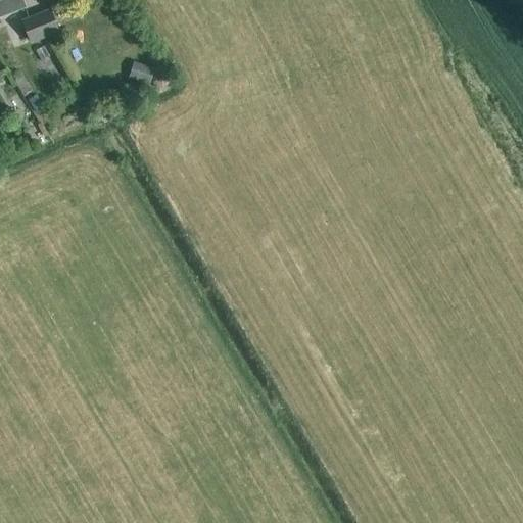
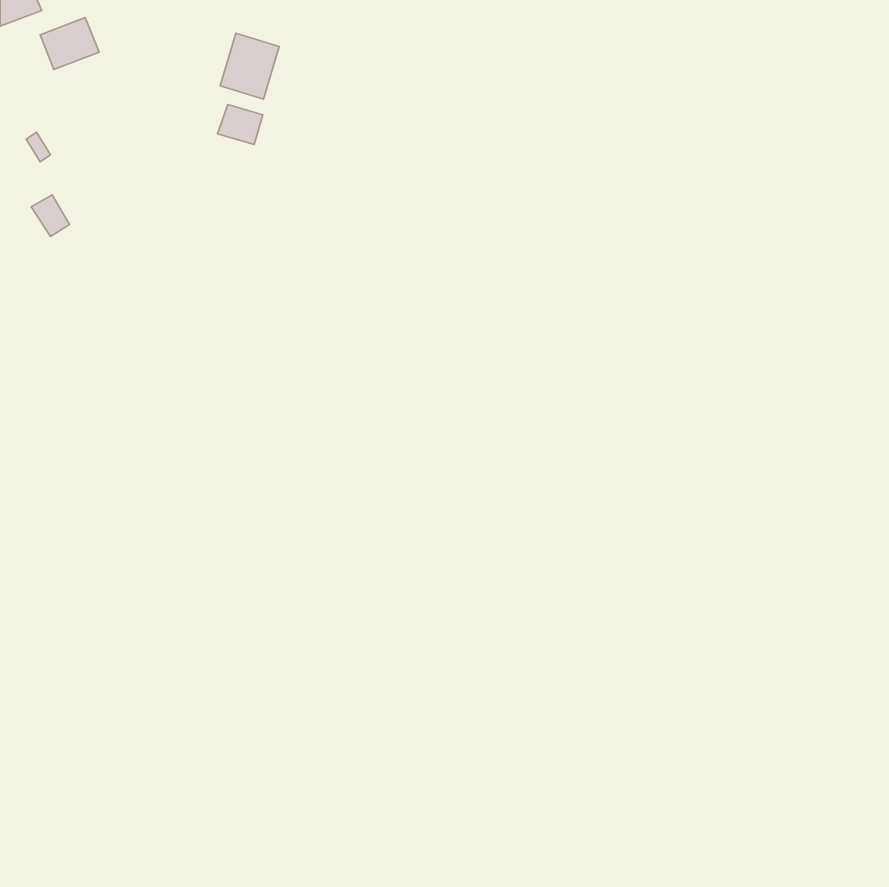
building: none -> [220,33,279,99]

